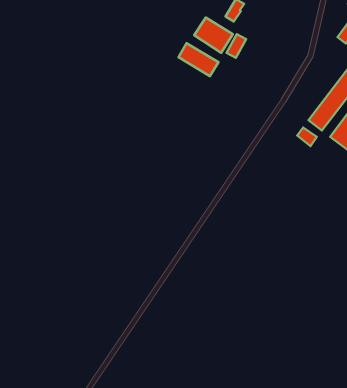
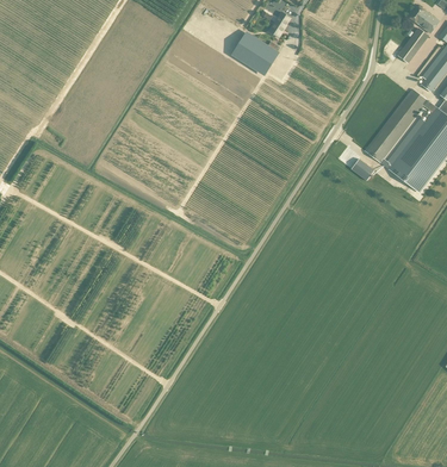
building: [179,43,219,76] -> none

